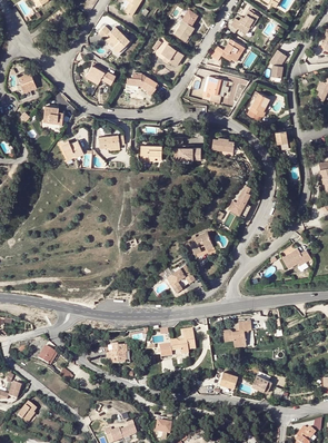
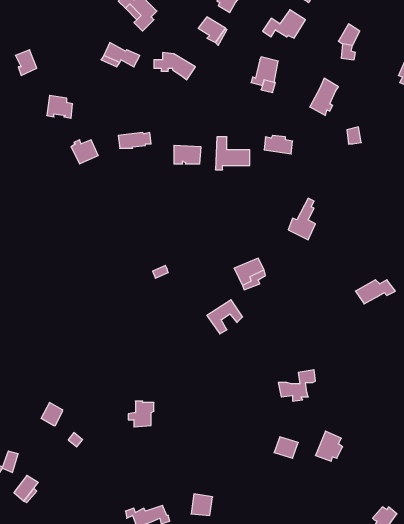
building: [158,328,195,358] -> none

